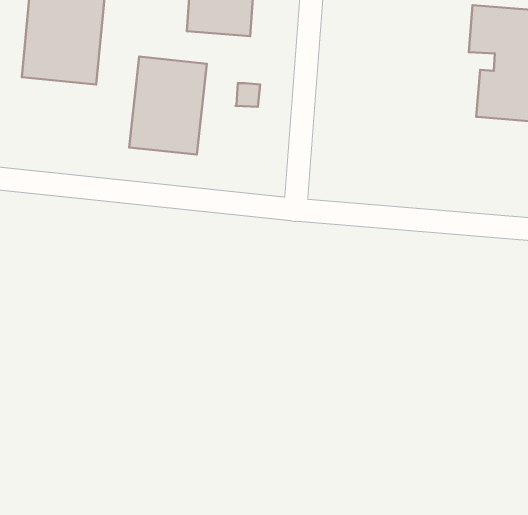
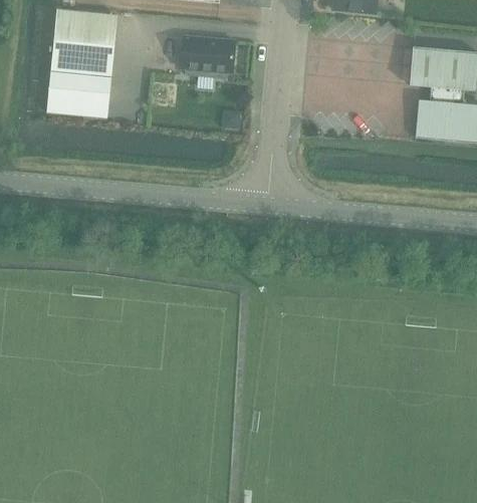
building: [129,56,207,155] -> none

